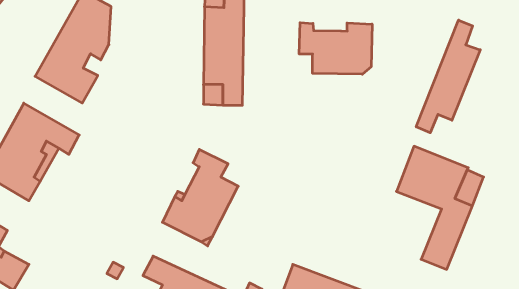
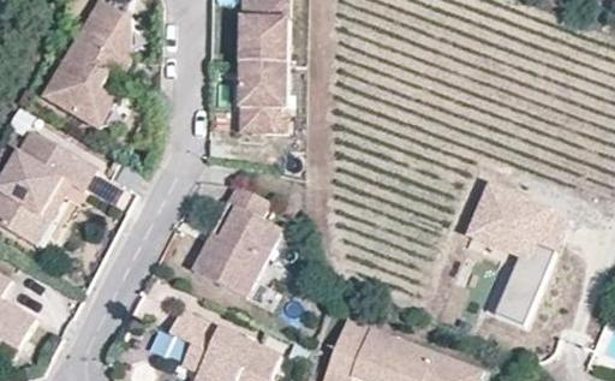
building: [416,20,480,133] -> none
building: [299,23,372,74] -> none

